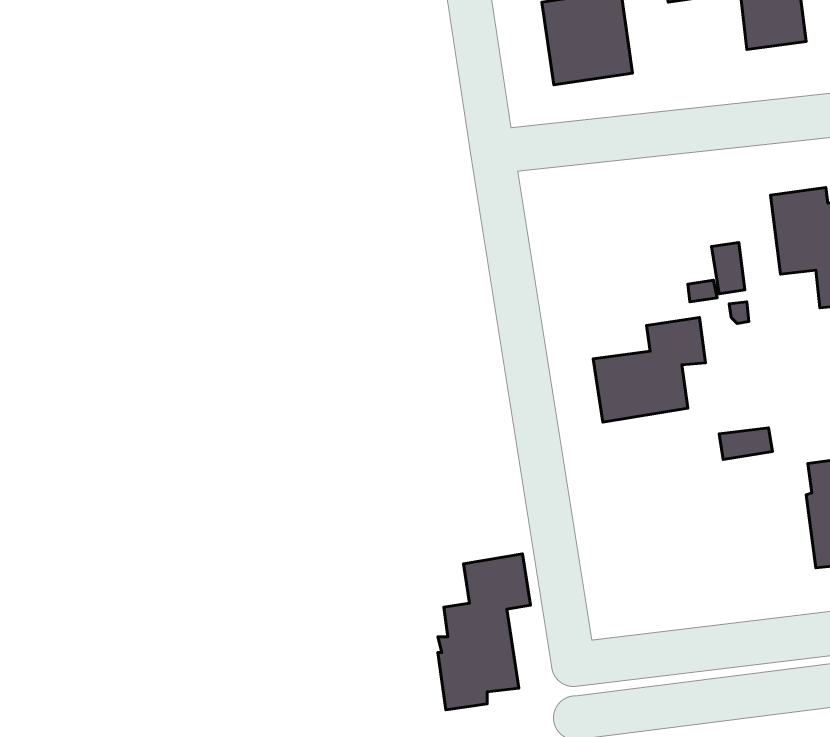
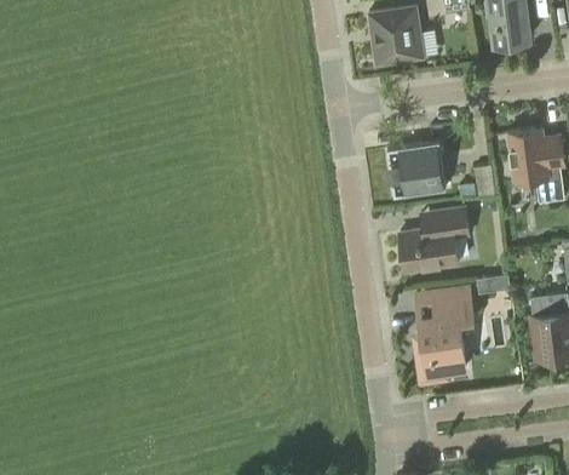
building: none -> [387,141,446,196]
building: [438,554,531,710] -> [416,286,473,382]

